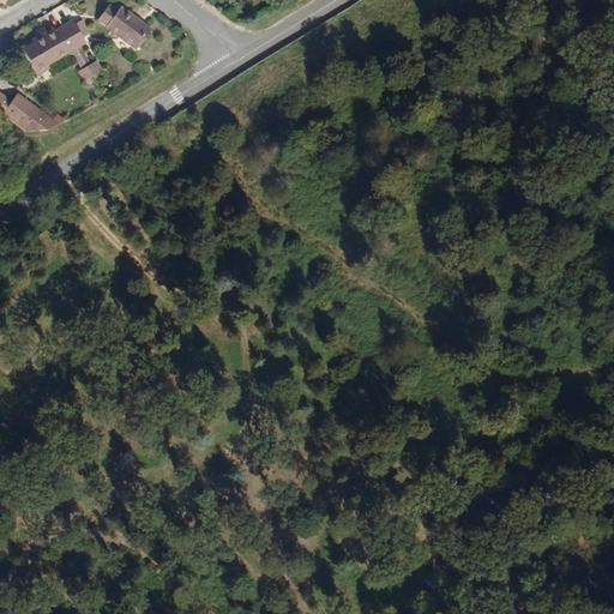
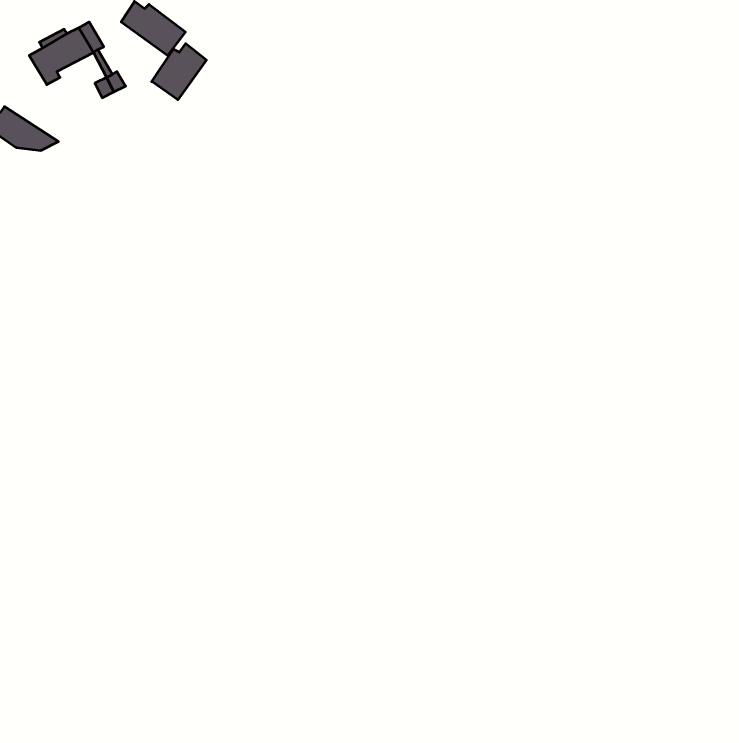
building: none -> [152,44,206,100]

